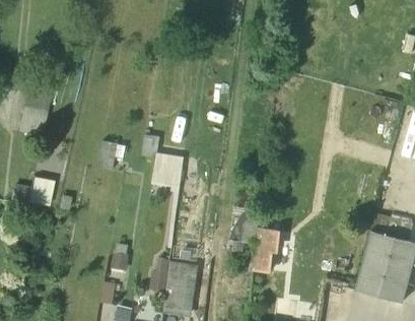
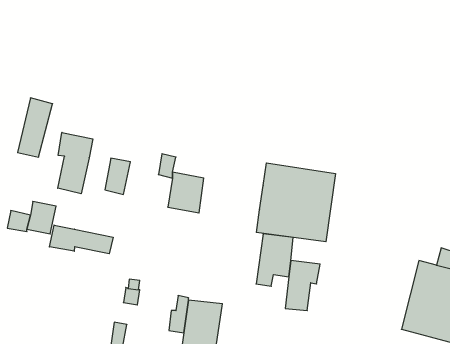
building: none -> [58,132,93,194]
building: none -> [256,163,335,242]
building: none -> [49,225,113,254]

